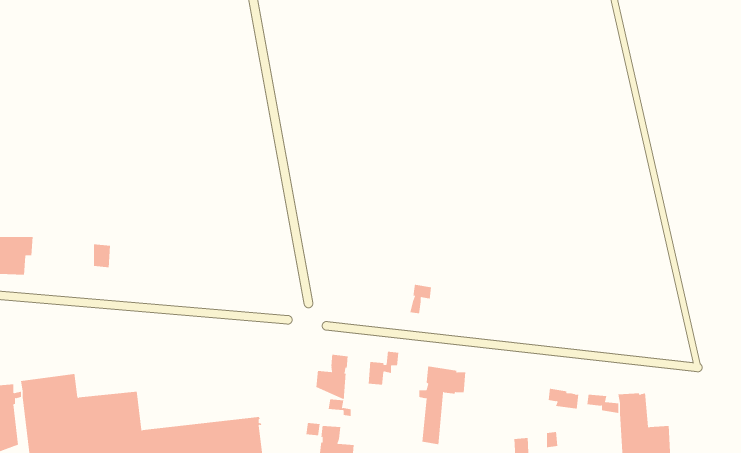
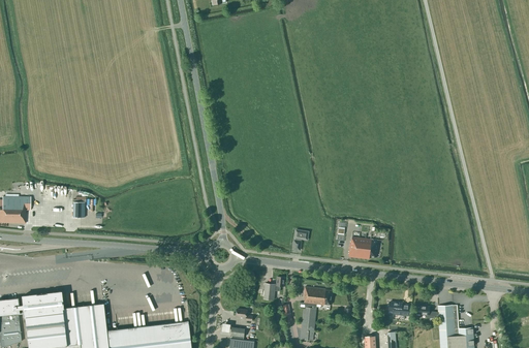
building: none -> [347,236,377,259]
building: [316,354,348,400] -> none

